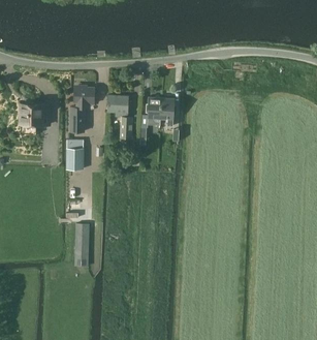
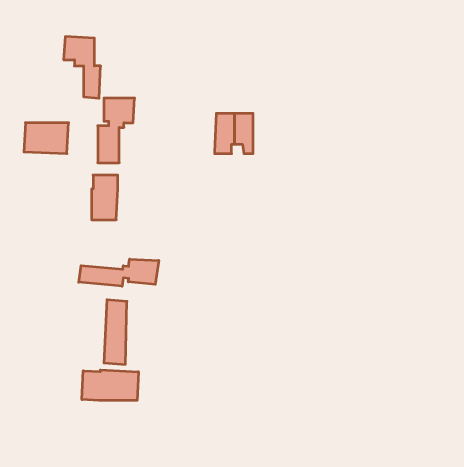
building: [106,95,131,136] -> [64,37,101,98]
building: none -> [79,259,159,286]
building: none -> [82,370,138,400]

